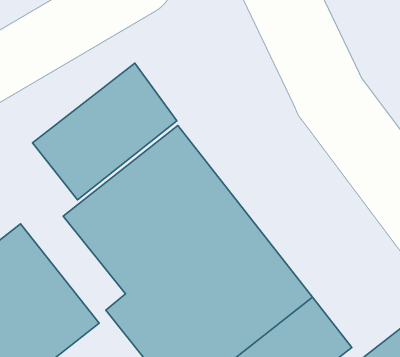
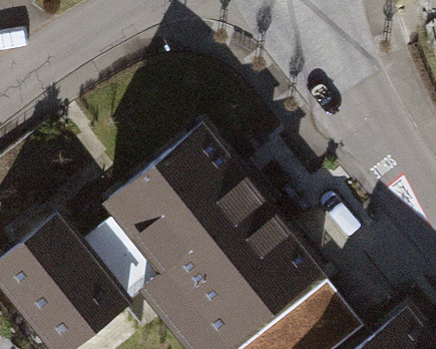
building: [33,63,177,200] -> none

